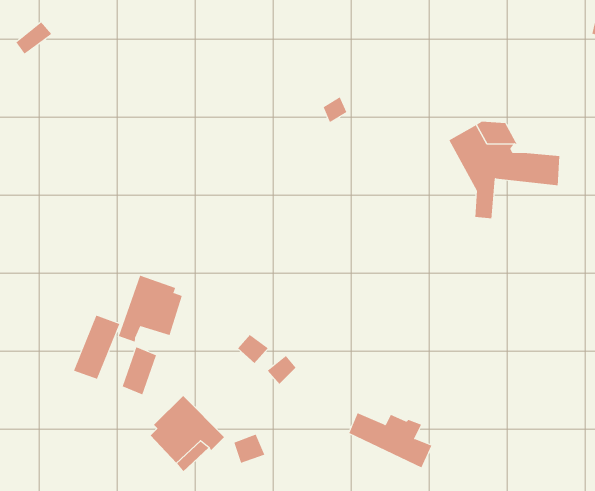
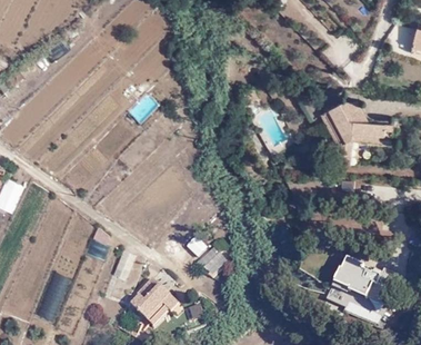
building: [118,275,183,342] -> none
building: [348,412,432,468] -> [334,270,388,306]

